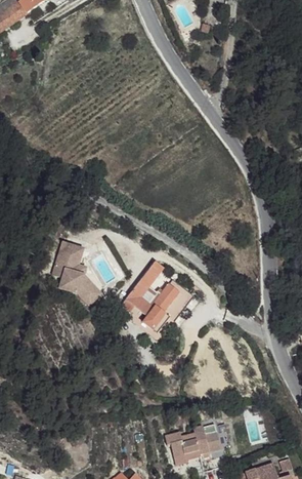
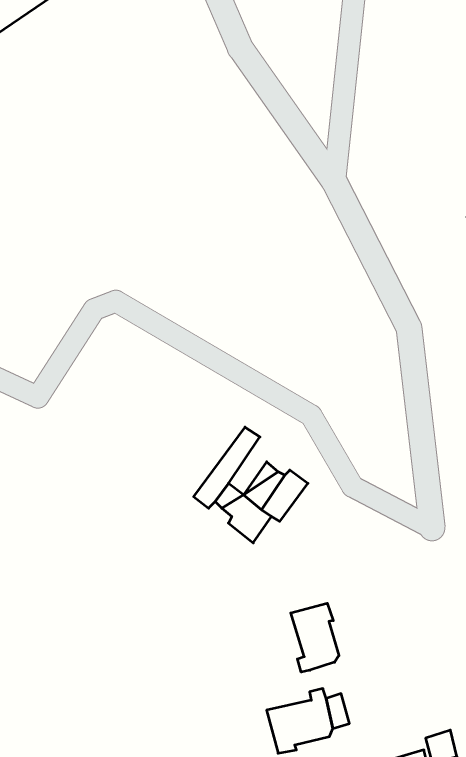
building: [51,239,102,306] -> none
building: none -> [291,603,339,672]

